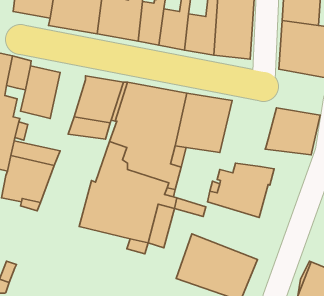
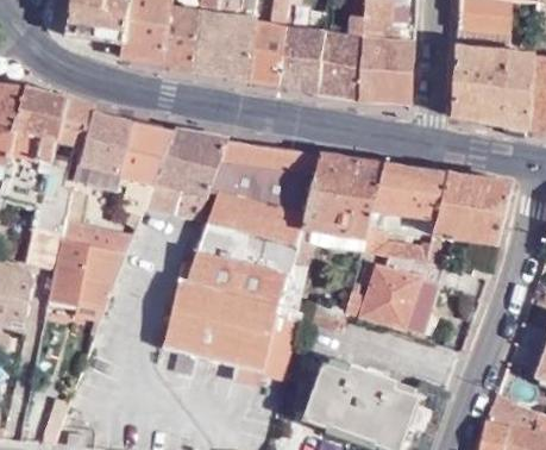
building: none -> [112,123,171,235]
building: none -> [363,163,447,258]

